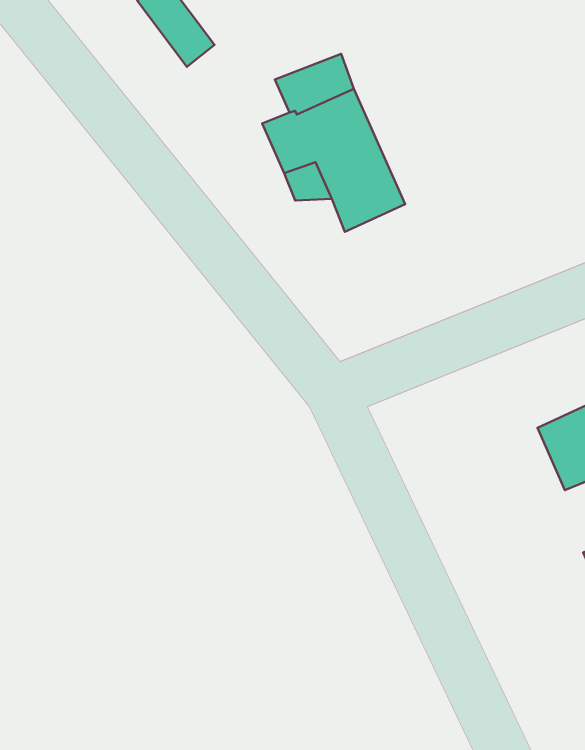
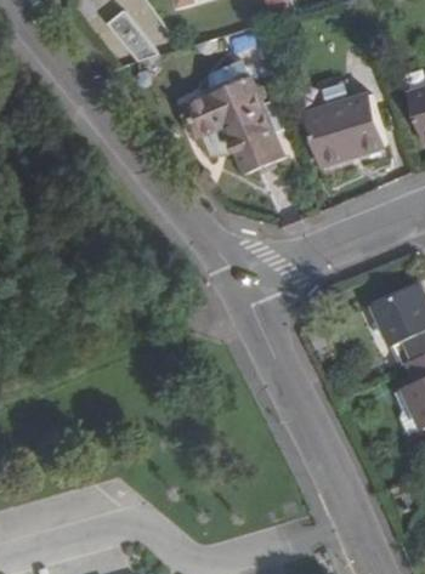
building: none -> [304,93,384,165]

